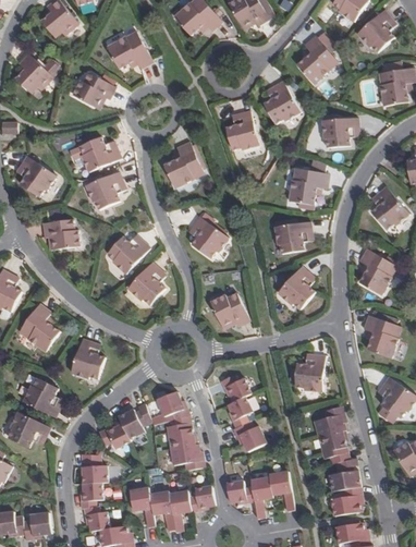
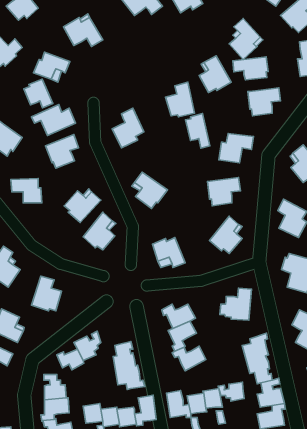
building: none -> [233,57,268,80]
building: none -> [24,79,53,108]
building: none -> [186,114,210,148]
building: [157,388,185,416] -> none
building: none -> [218,382,244,401]

